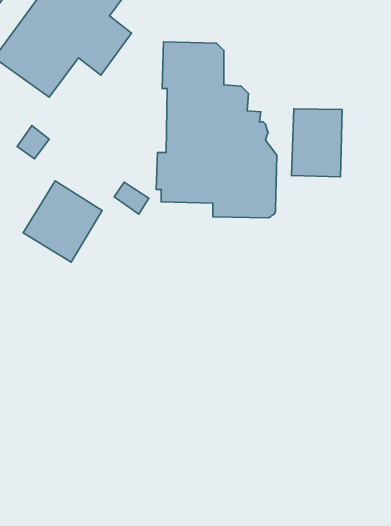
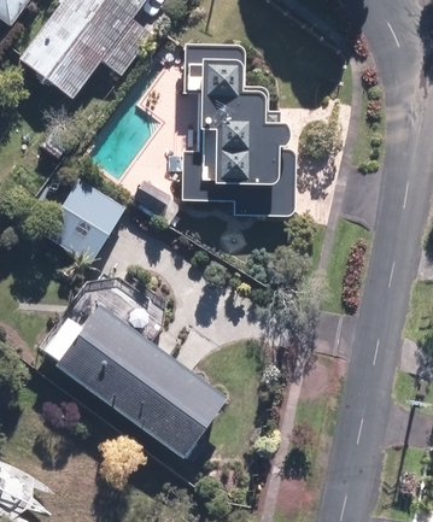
building: [291,109,342,177] -> none
building: none -> [54,303,227,456]

